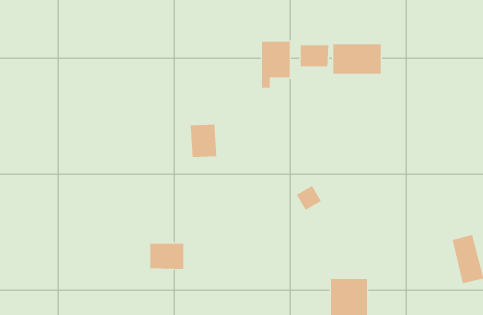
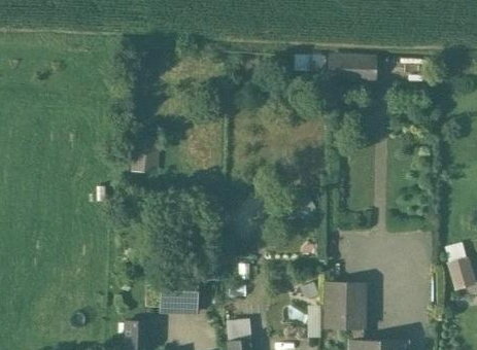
building: [261,41,290,88] -> none
building: [190,124,217,158] -> [132,139,159,172]
building: [150,243,184,269] -> [161,288,195,314]

